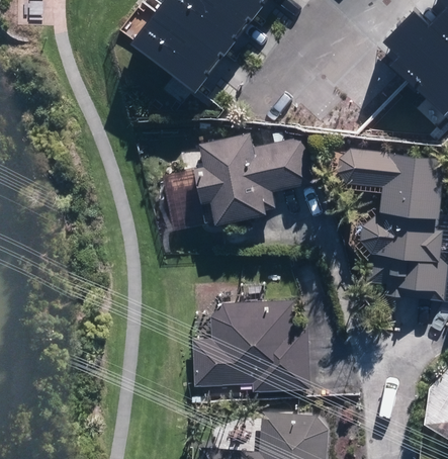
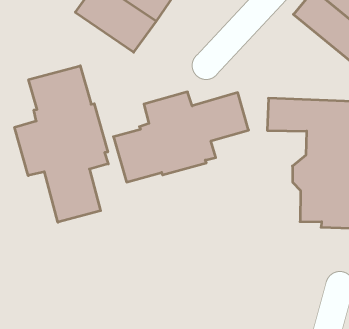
building: none -> [15,66,108,222]
building: [194,301,310,391] -> none

